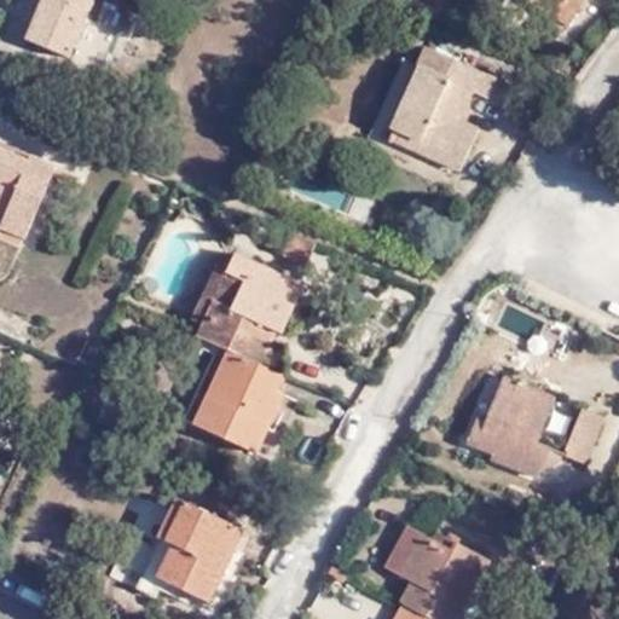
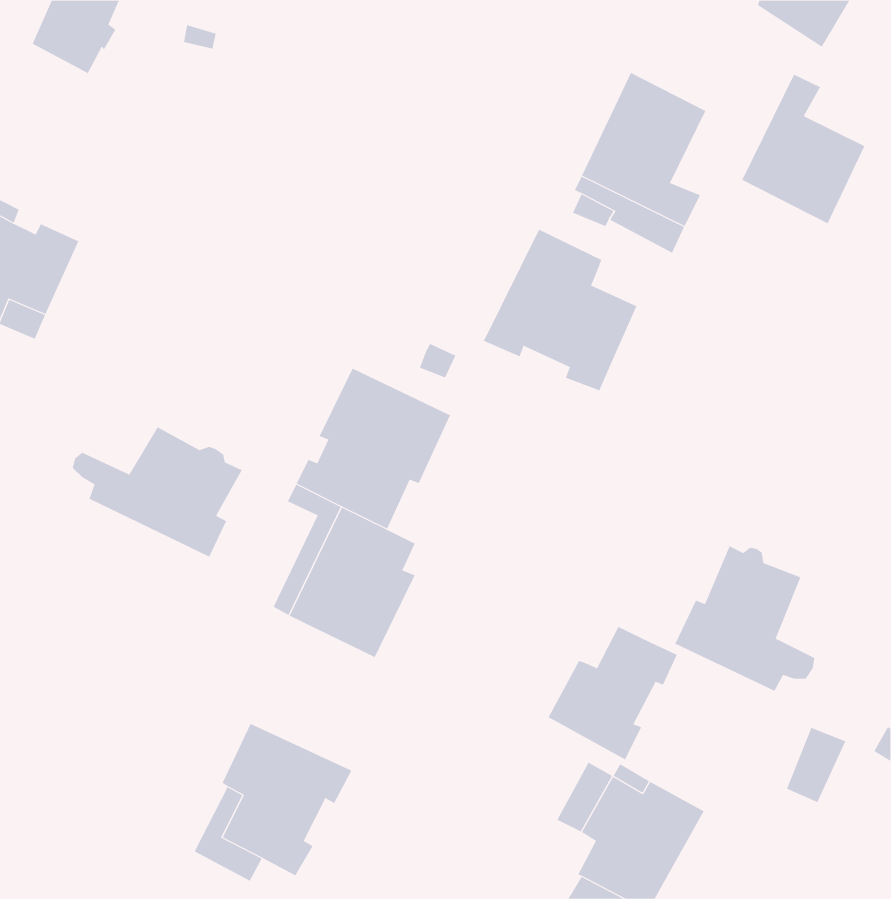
building: none -> [742,74,865,224]
building: none -> [483,229,637,391]
building: none -> [72,427,243,558]
building: [560,410,601,462] -> [786,727,846,803]
building: none -> [548,626,677,760]

